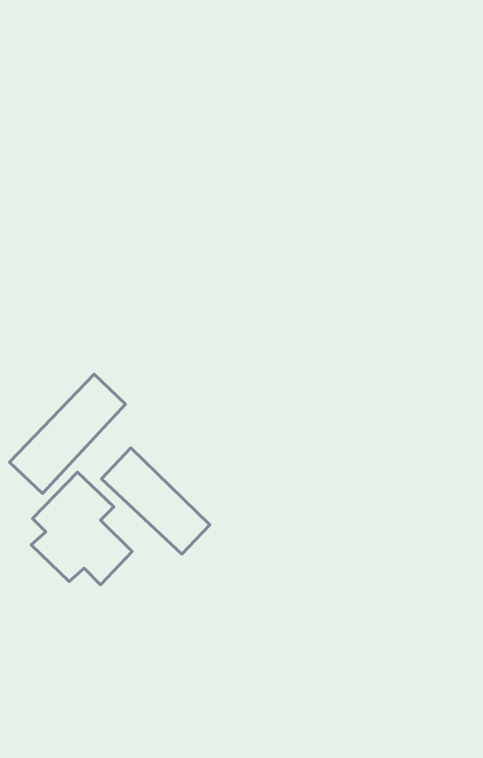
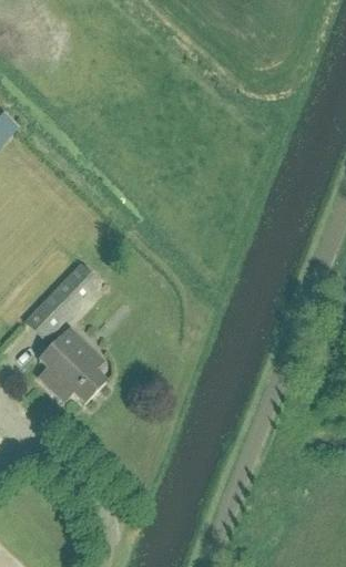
building: [102,448,210,554] -> none

